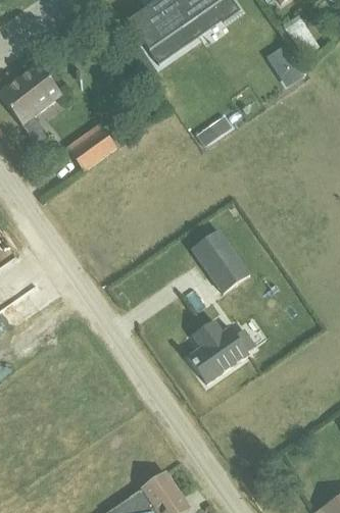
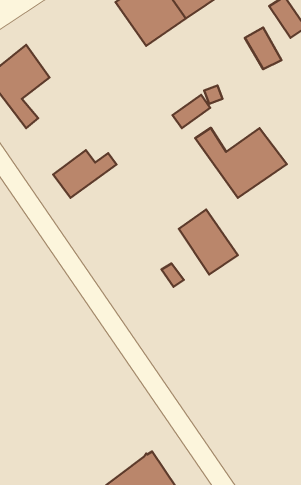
building: [66,123,130,171] -> [53,150,116,198]
building: none -> [195,128,287,198]
building: [188,319,257,383] -> none

